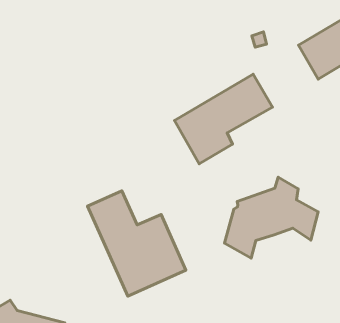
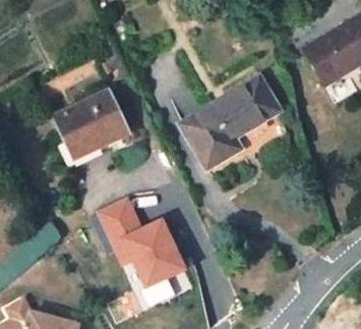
building: none -> [54,91,128,156]
building: [224,177,318,258] -> none

